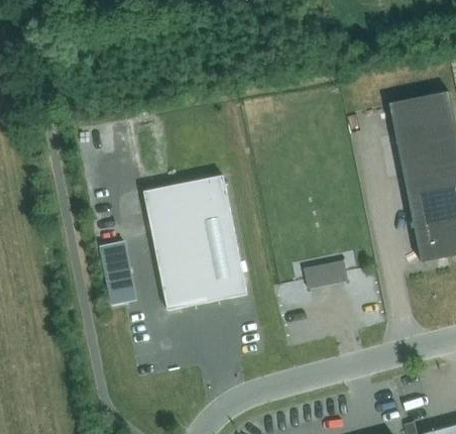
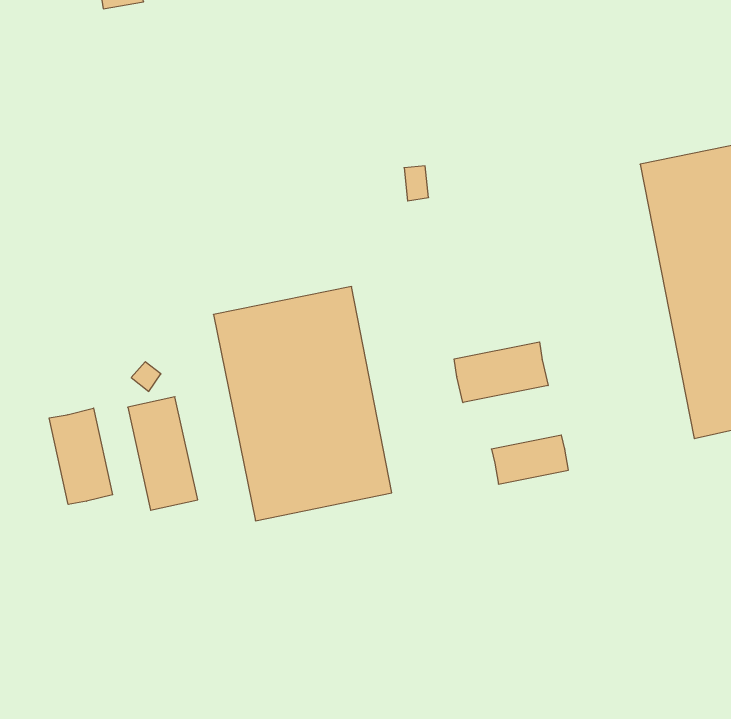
building: none -> [454,342,548,403]
building: none -> [49,408,113,504]

